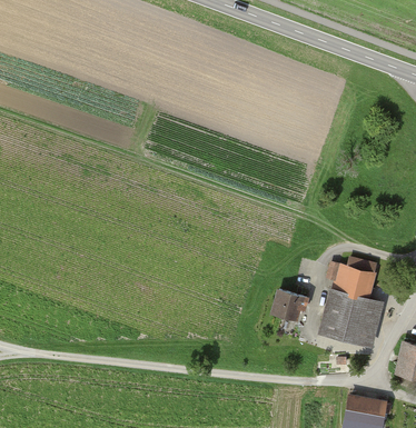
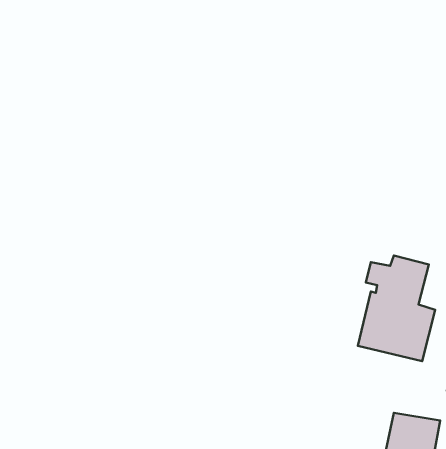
building: [270,290,305,322] -> none

